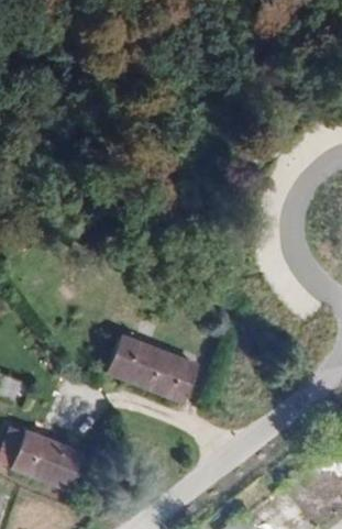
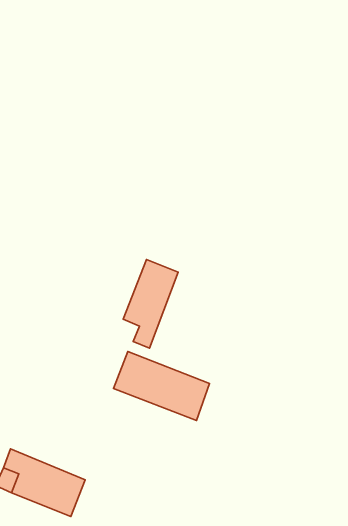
building: none -> [123,259,178,348]

